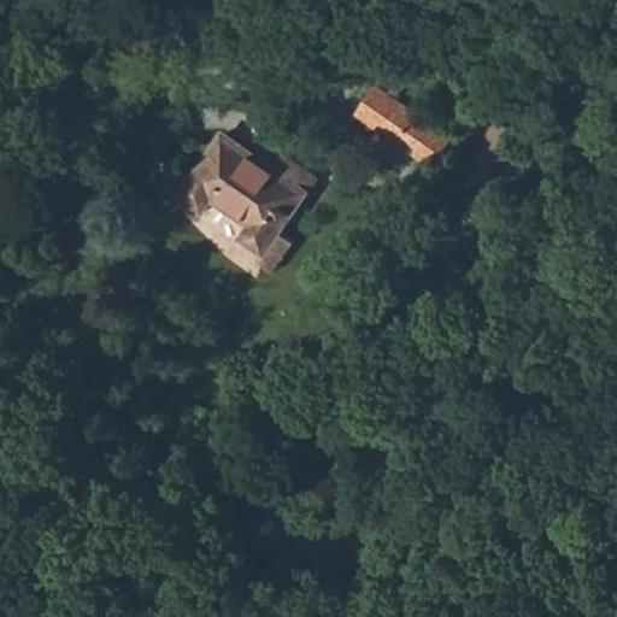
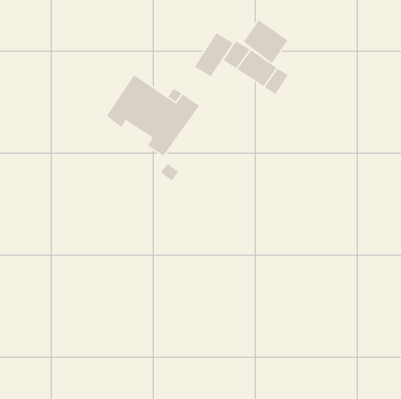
building: none -> [243,19,288,64]
building: none -> [194,32,234,77]

